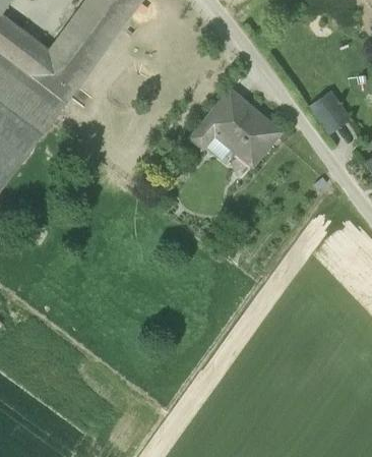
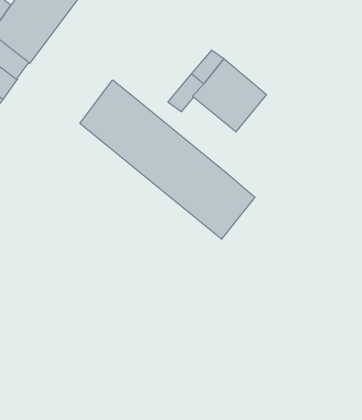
building: [311,93,348,131] -> none
building: none -> [80,80,255,239]

